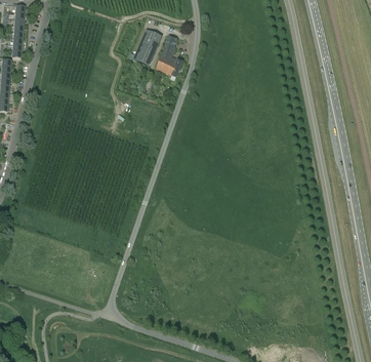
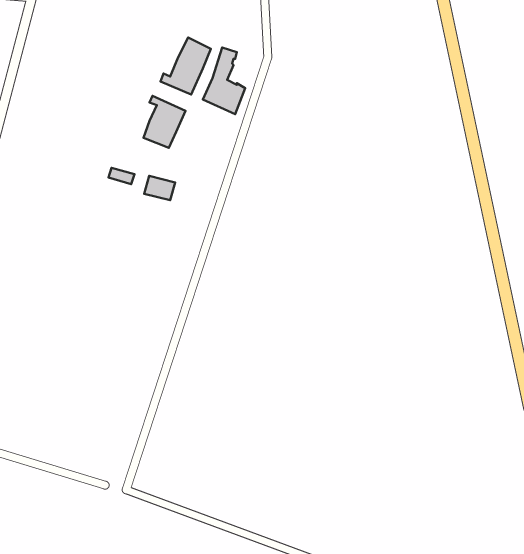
building: none -> [143,96,185,148]

